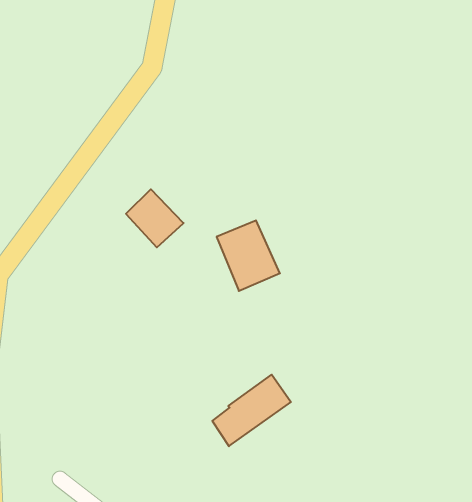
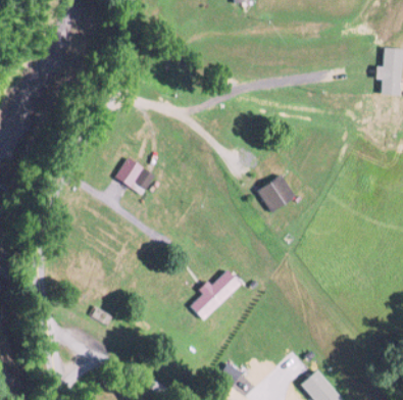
building: [217,220,280,291] -> [252,165,297,213]

